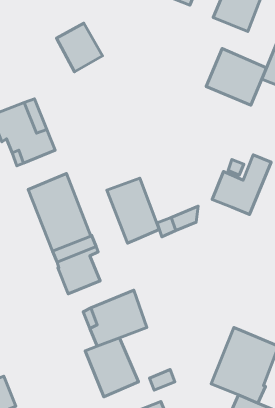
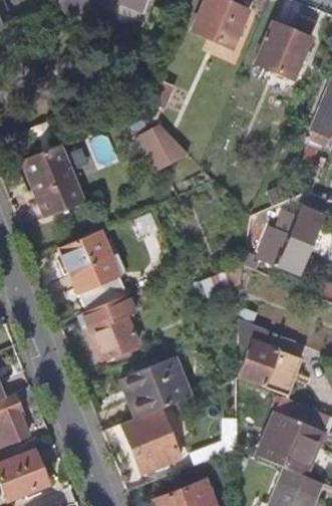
building: [57,23,102,72] -> [139,118,189,171]
building: [206,49,266,105] -> none
building: [107,178,159,243] -> none
building: none -> [237,317,303,400]

